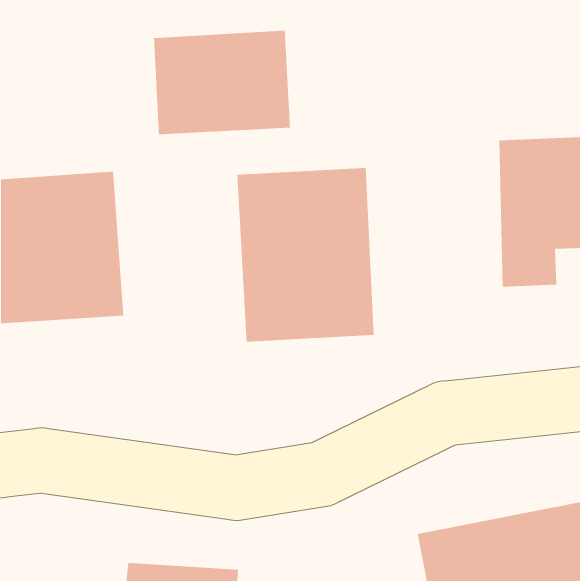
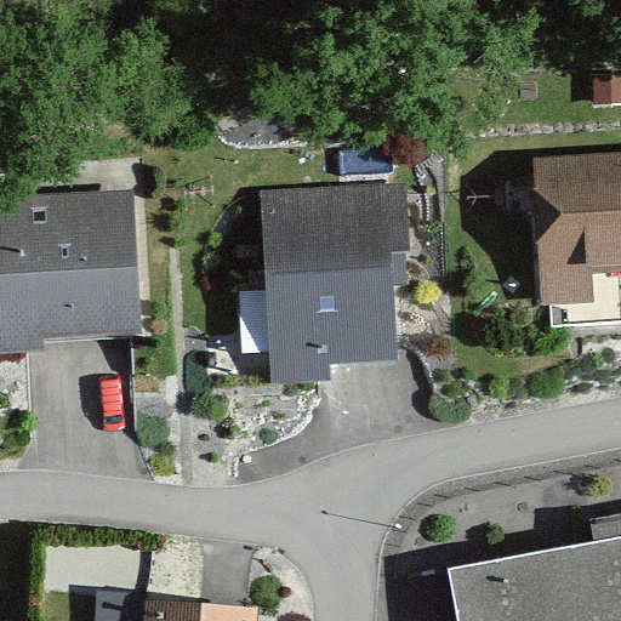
building: [154,30,290,135] -> none

